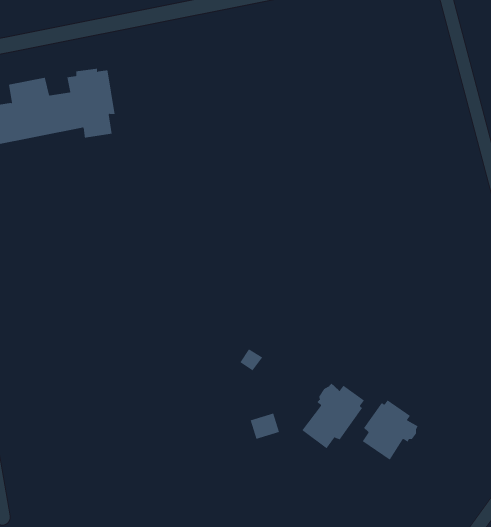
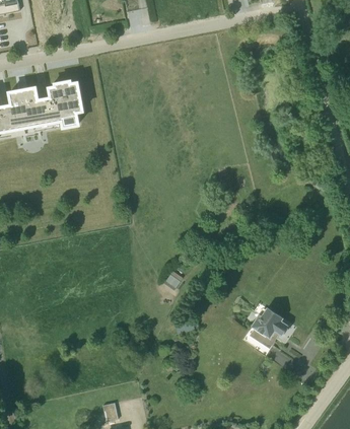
building: [301,383,365,449] -> none

